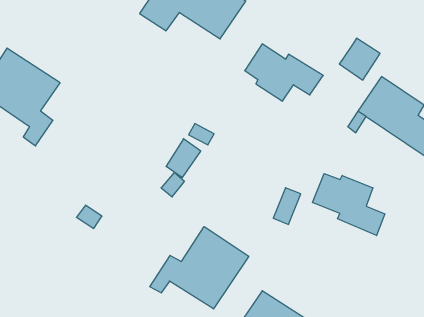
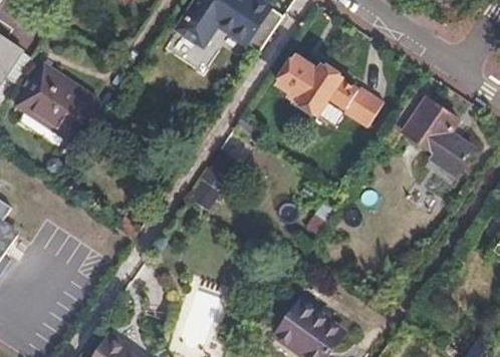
building: [339,38,380,80] -> [341,85,382,126]
building: [313,174,385,236] -> none
building: [150,227,249,309] -> none

